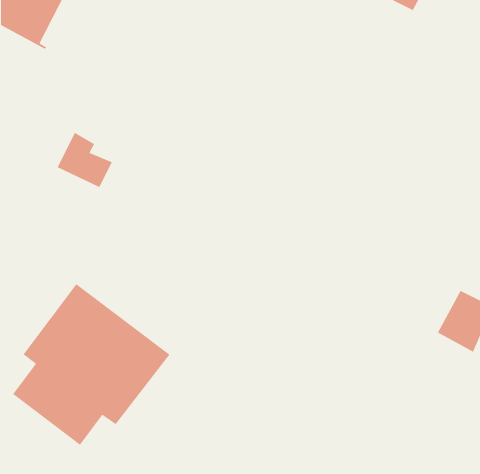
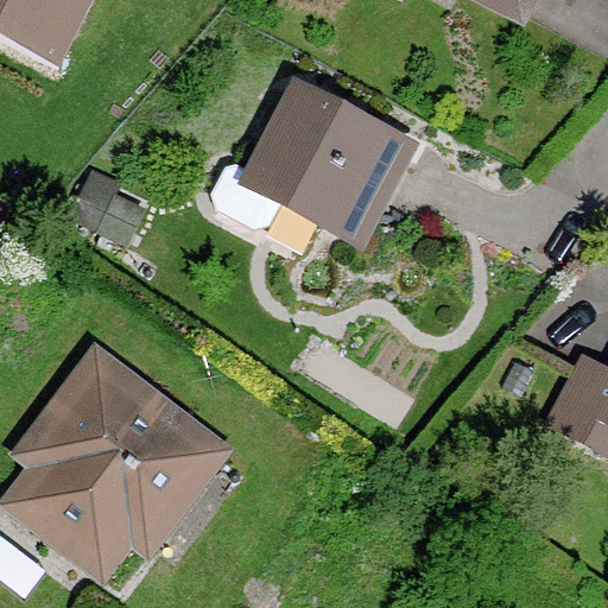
building: none -> [213,88,406,233]

